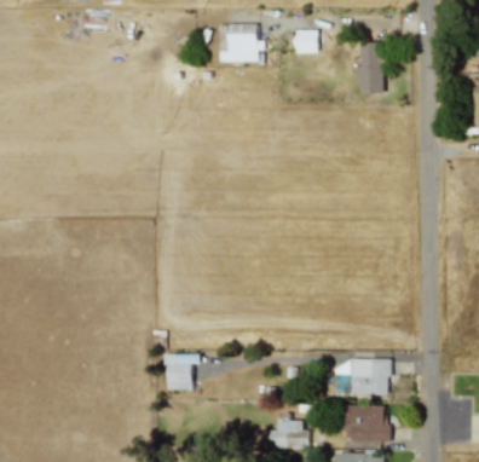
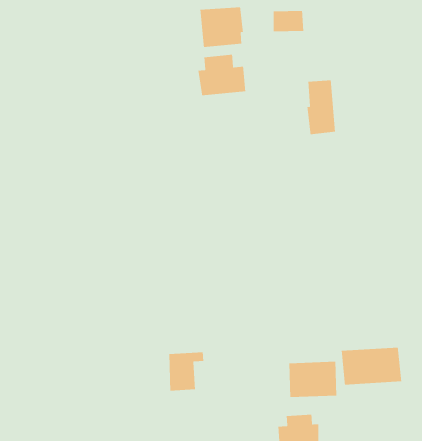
building: [358,42,385,94] -> [307,80,336,135]
building: none -> [198,54,246,96]
building: [341,405,388,440] -> [289,361,337,398]

